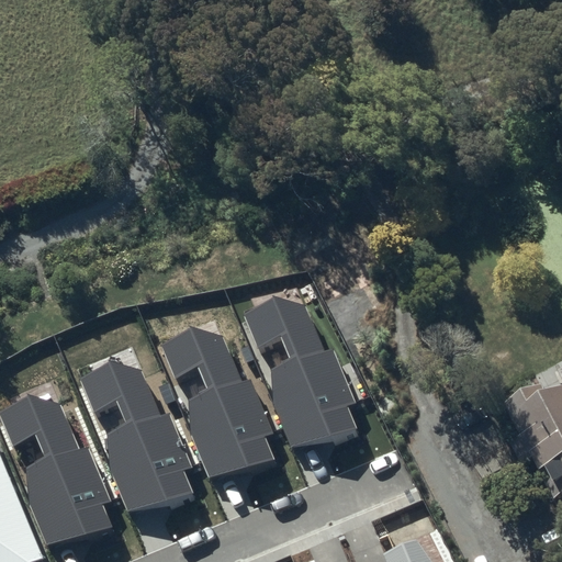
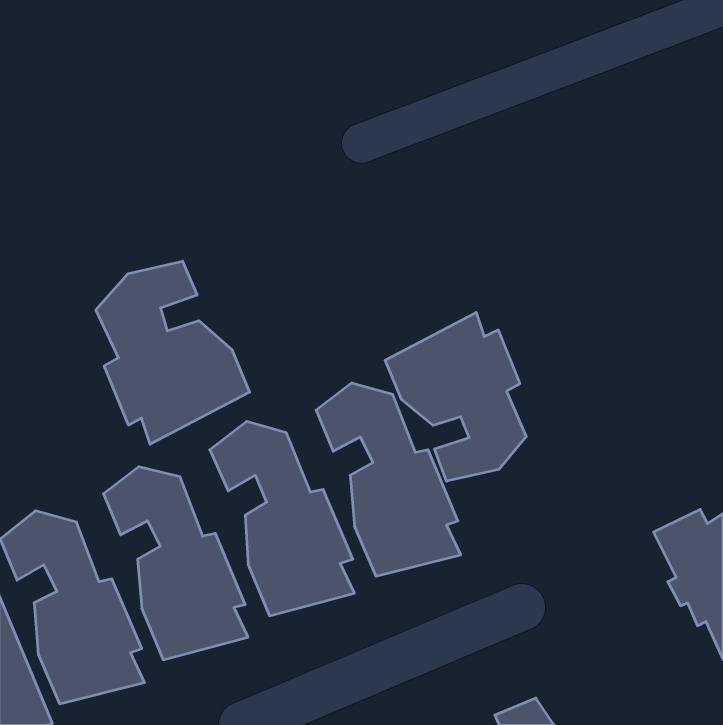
building: none -> [96,261,250,444]
building: none -> [385,312,526,481]

